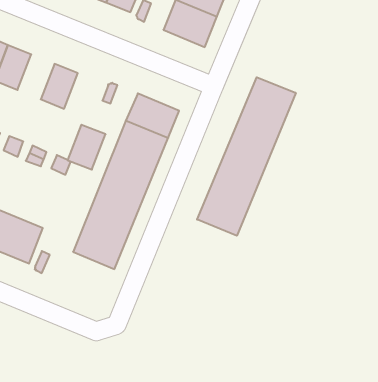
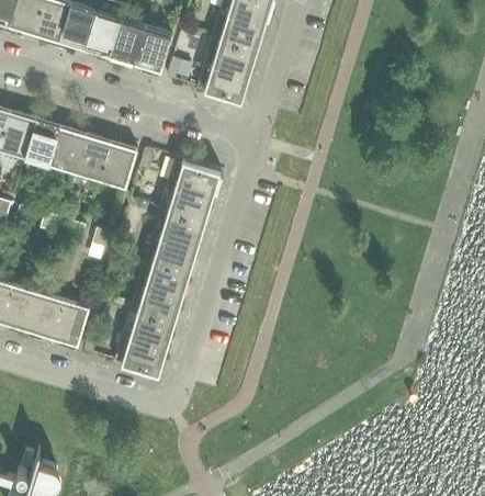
building: none -> [49,127,86,173]
building: [197,77,296,236] -> none
building: [68,125,106,170] -> [100,143,137,189]
building: none -> [113,330,168,375]

